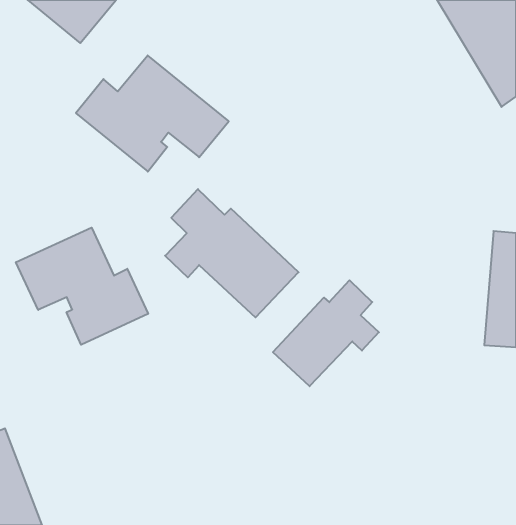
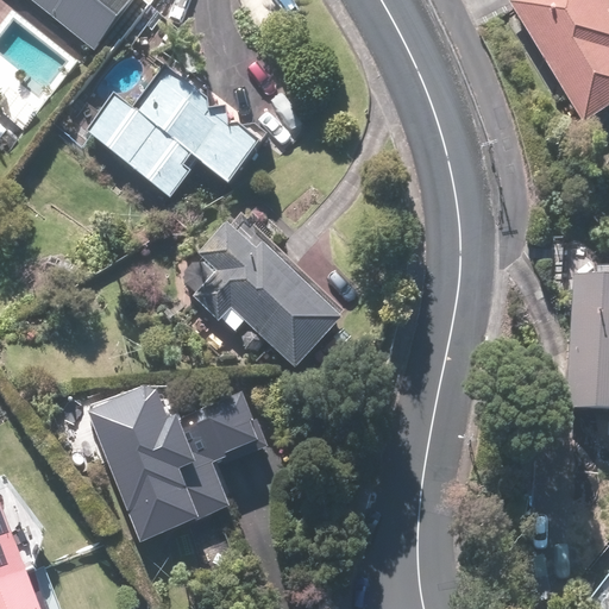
building: [16,228,148,345] -> none
building: [273,280,379,386] -> none
building: none -> [96,389,258,529]

